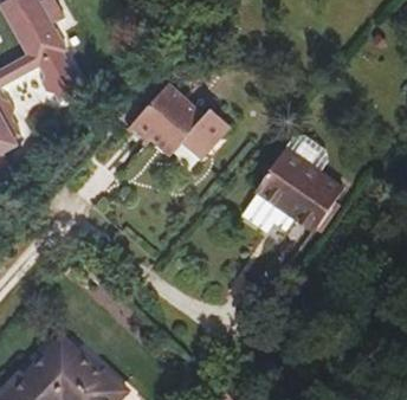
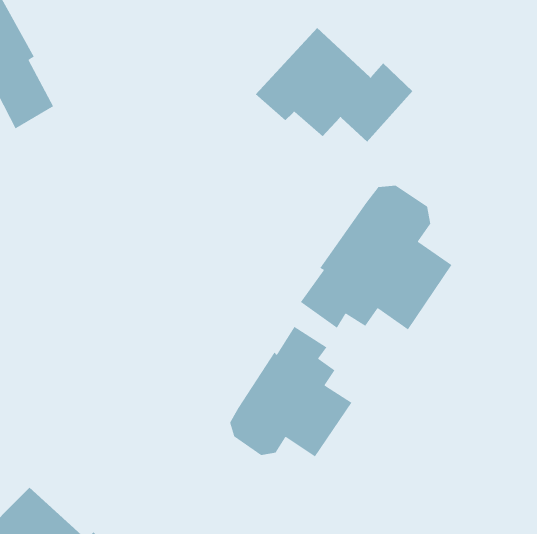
building: [127,83,232,160] -> [255,27,413,143]
building: none -> [229,326,352,458]

